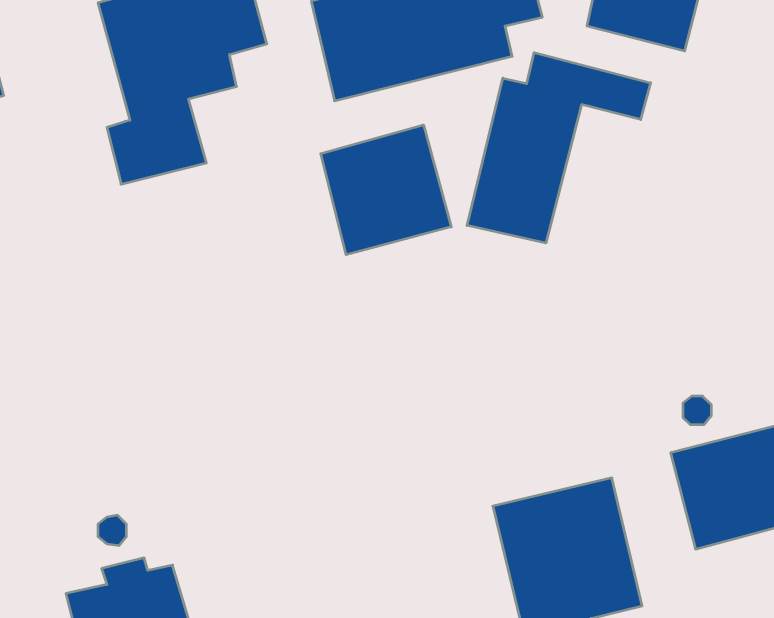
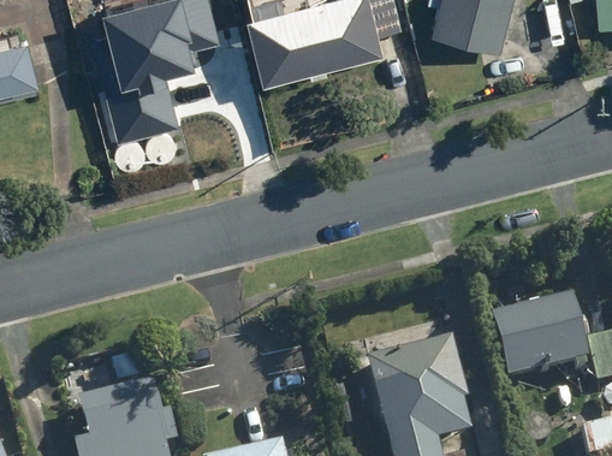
building: [467,53,651,243] -> none
building: [321,125,451,255] -> none

